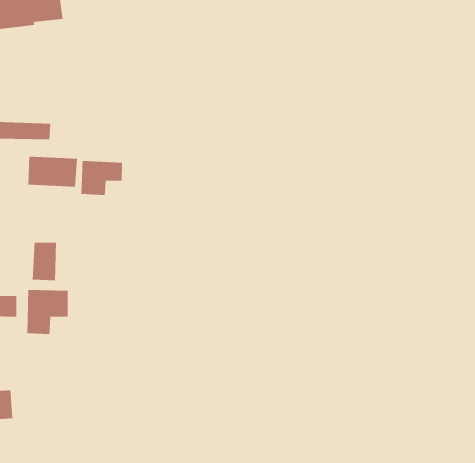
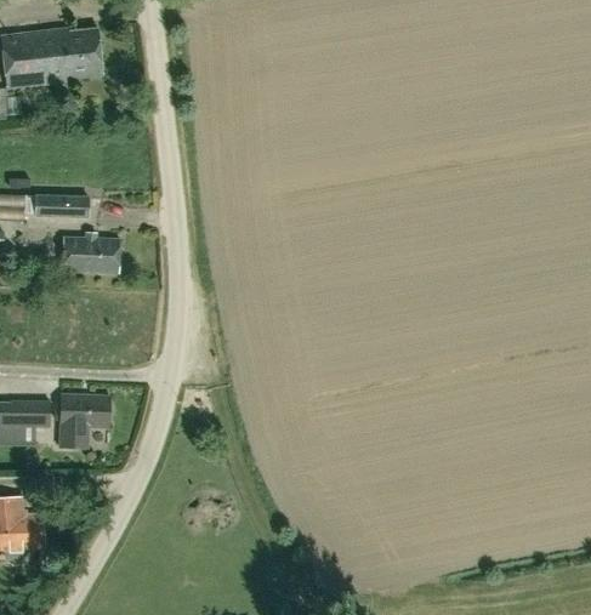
building: [81,160,123,196] -> none
building: [32,242,57,281] -> none

